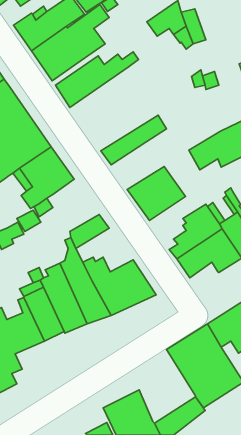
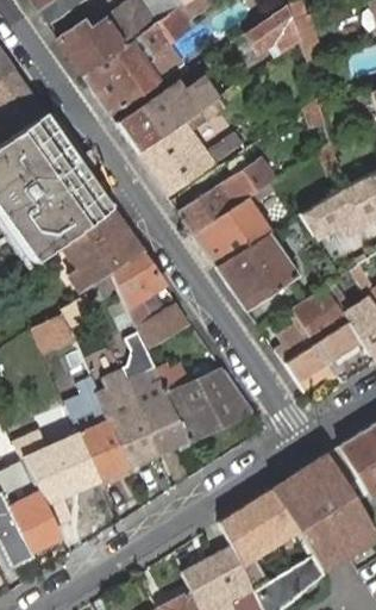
building: none -> [137,97,245,195]
building: none -> [194,200,268,267]
building: none -> [113,253,165,315]
building: none -> [221,490,312,590]

